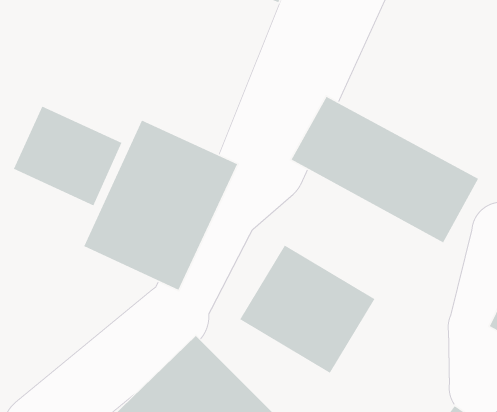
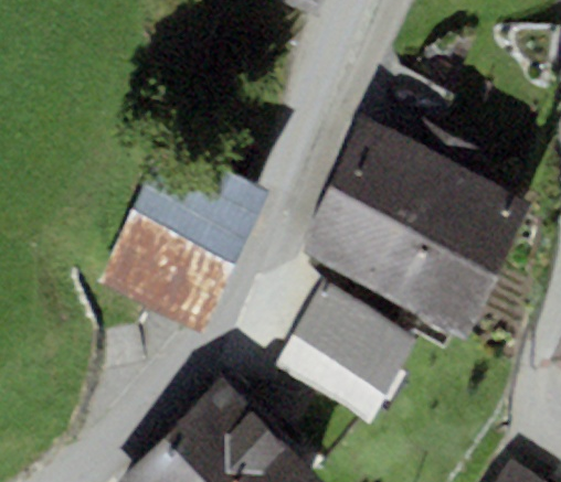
building: [13,105,123,206] -> none
building: none -> [293,185,499,342]

